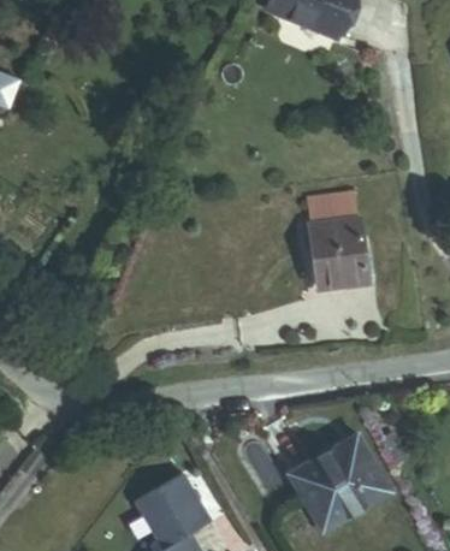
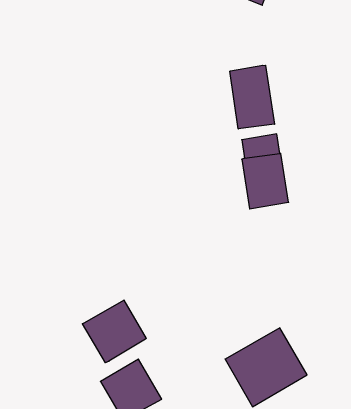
building: none -> [230,65,275,129]
building: none -> [82,300,146,363]

